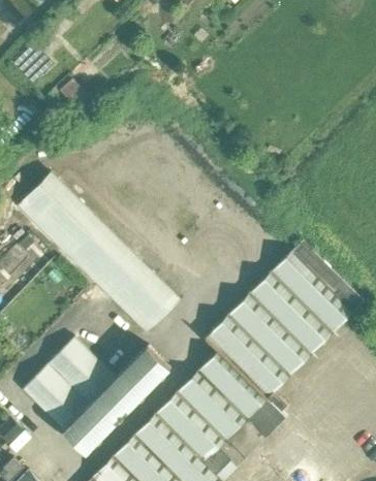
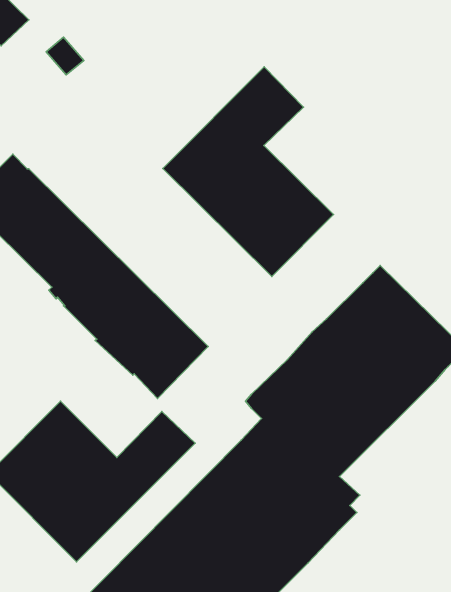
building: none -> [163,67,333,276]

